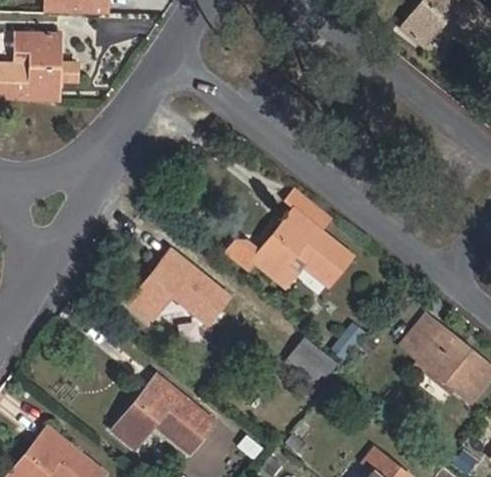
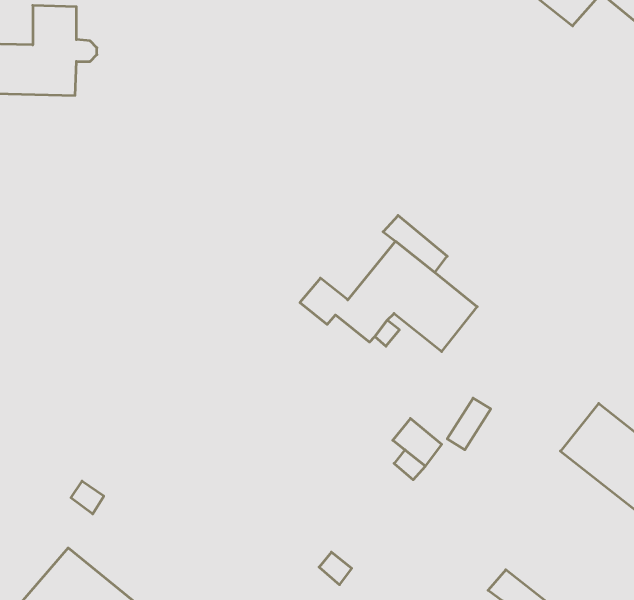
building: [126,248,230,327] -> none
building: [398,312,443,361] -> none
building: [111,376,215,454] -> none

